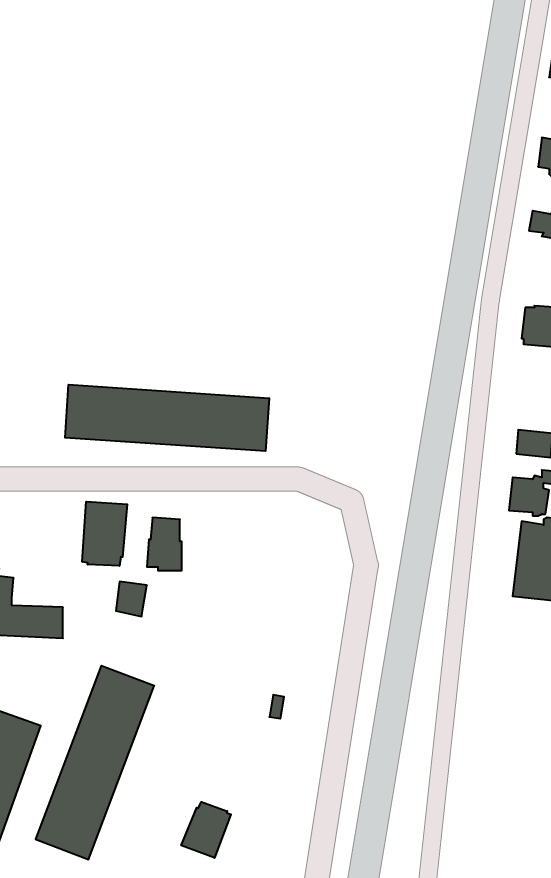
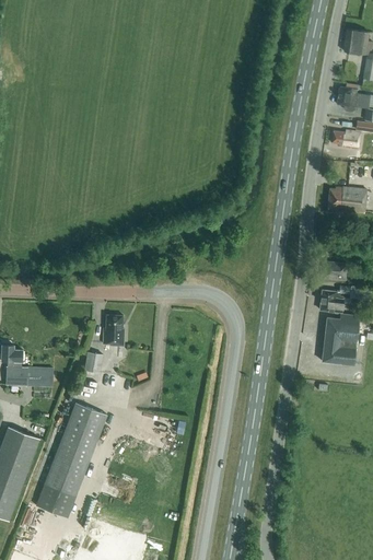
building: [65,385,269,451] -> none
building: [82,502,127,566] -> none
building: [181,802,231,858] -> none

